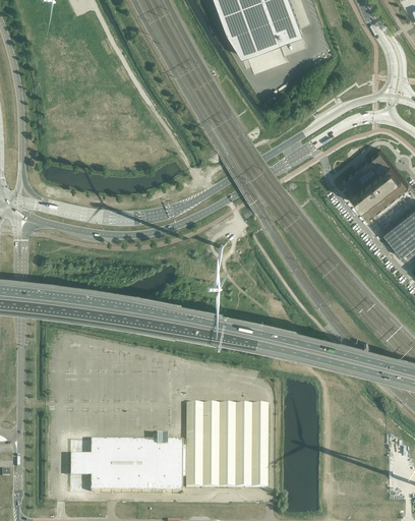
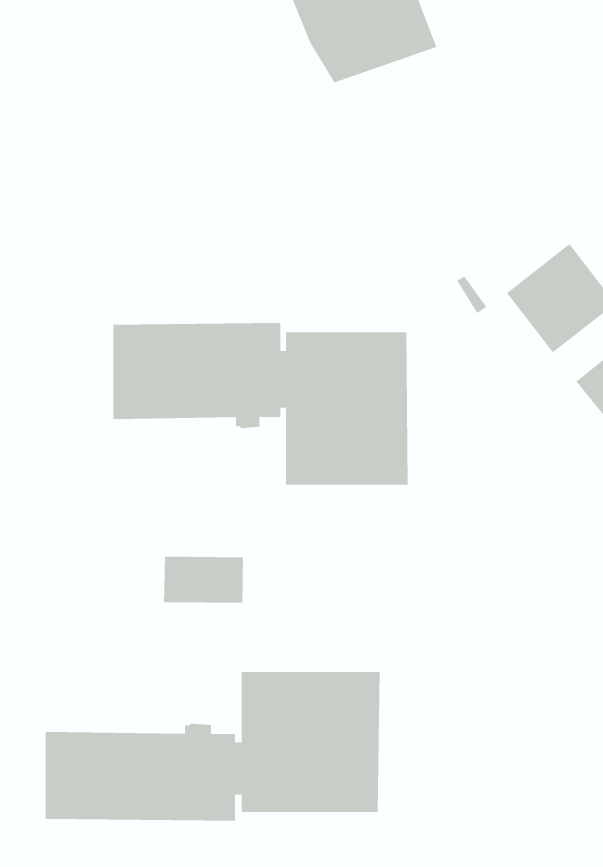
building: none -> [113,322,408,485]
building: none -> [164,556,244,603]

